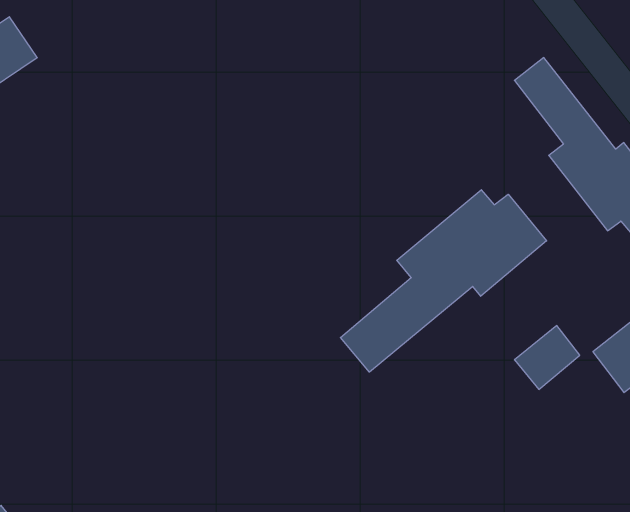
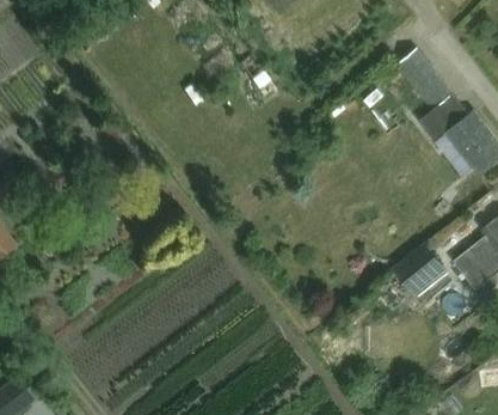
building: [340,190,547,372] -> none

